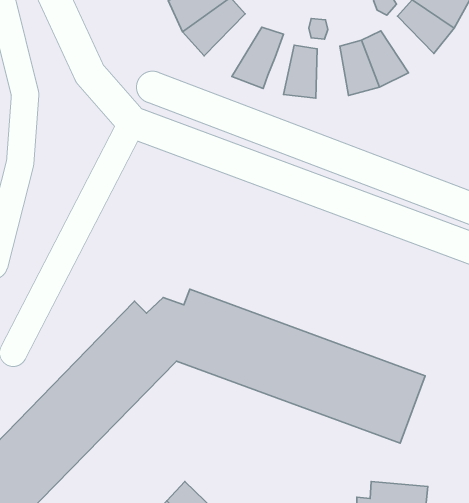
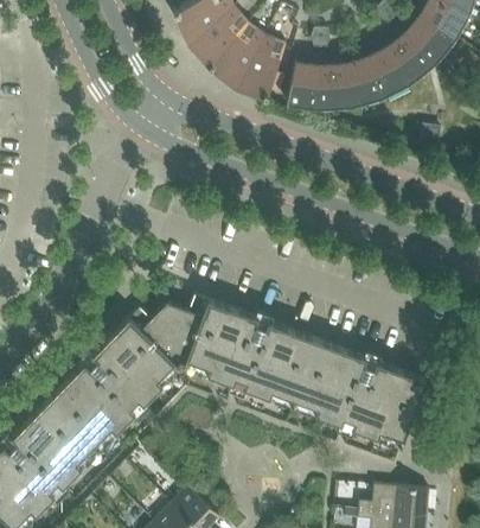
building: none -> [207,25,264,87]
building: none -> [382,27,434,83]
building: none -> [318,57,350,108]

